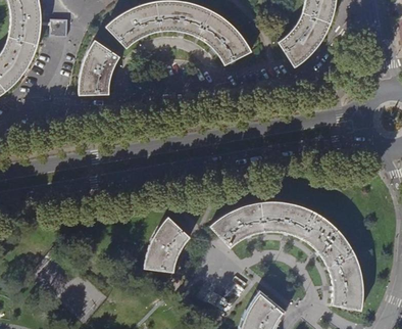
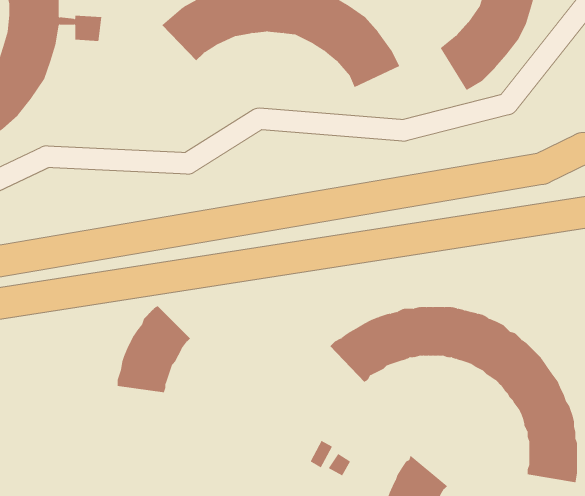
building: [79,39,119,95] -> none
building: [144,217,190,271] -> [117,306,191,393]

